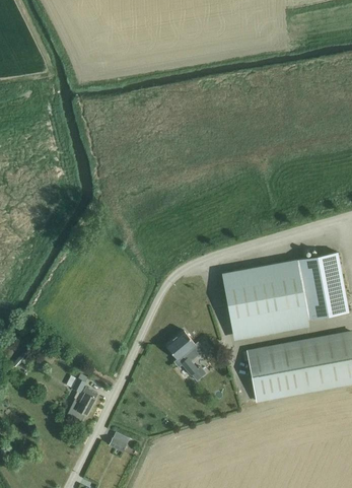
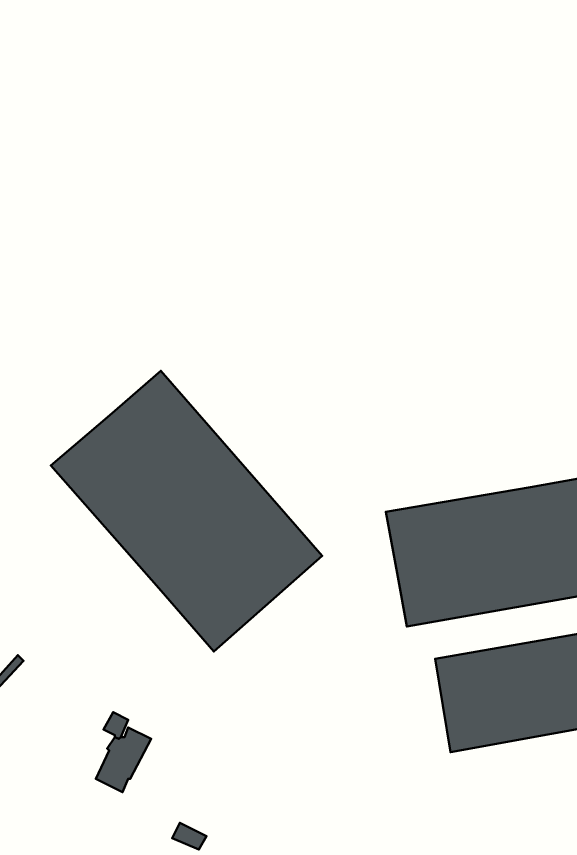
building: none -> [51,371,322,652]
building: [165,331,203,376] -> none

